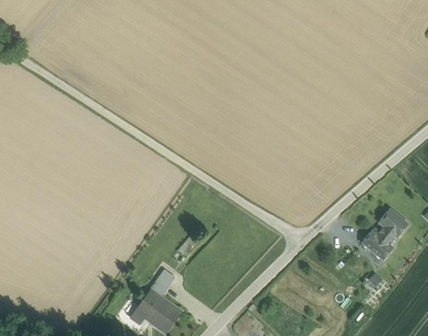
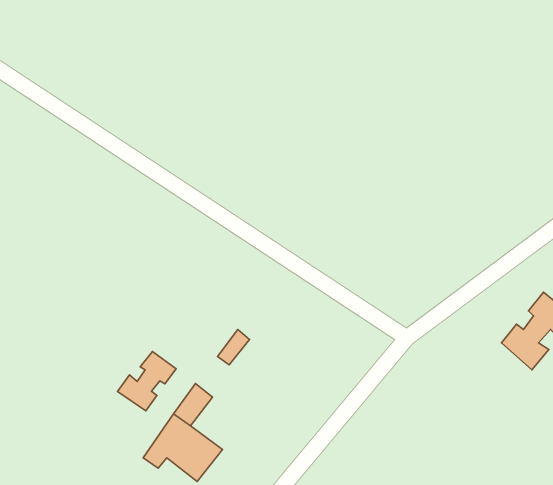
building: none -> [117,351,176,411]

